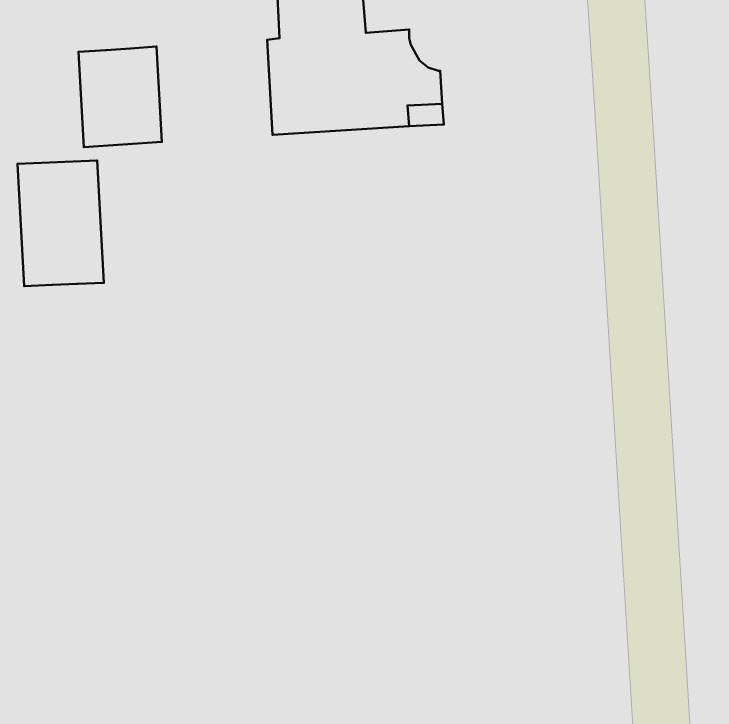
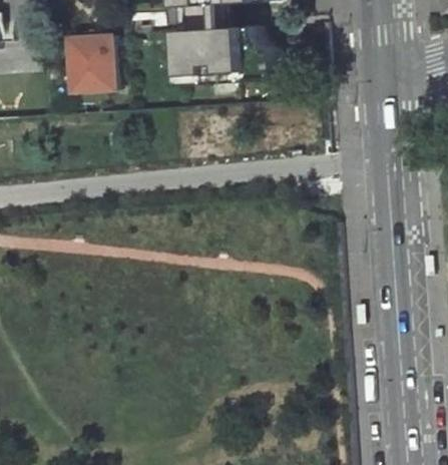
building: [17,161,104,286] -> none

